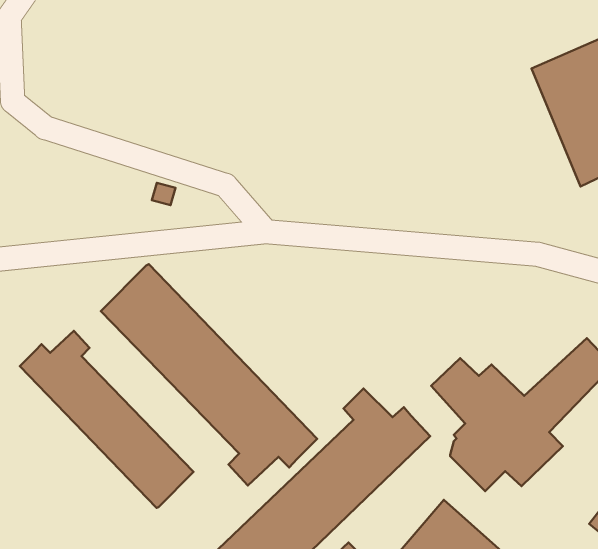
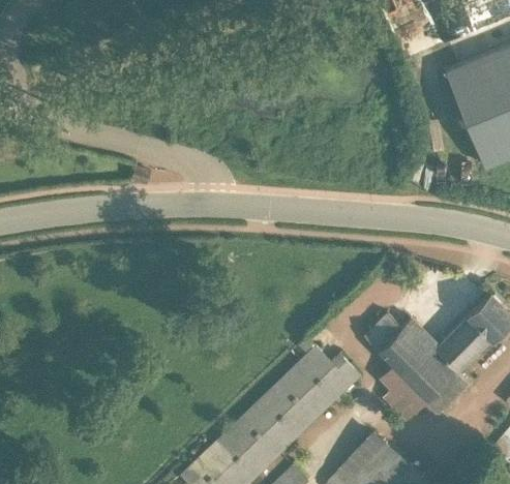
building: [101,264,317,485] -> none
building: [20,331,194,508] -> none

